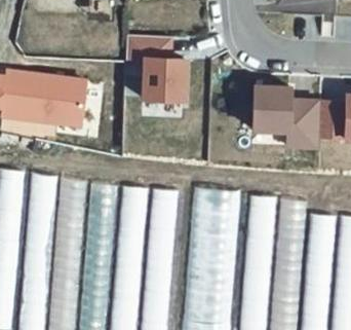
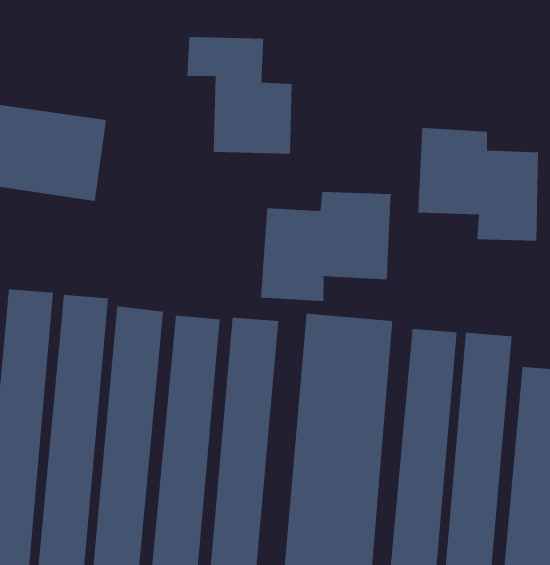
building: none -> [261,191,391,302]

